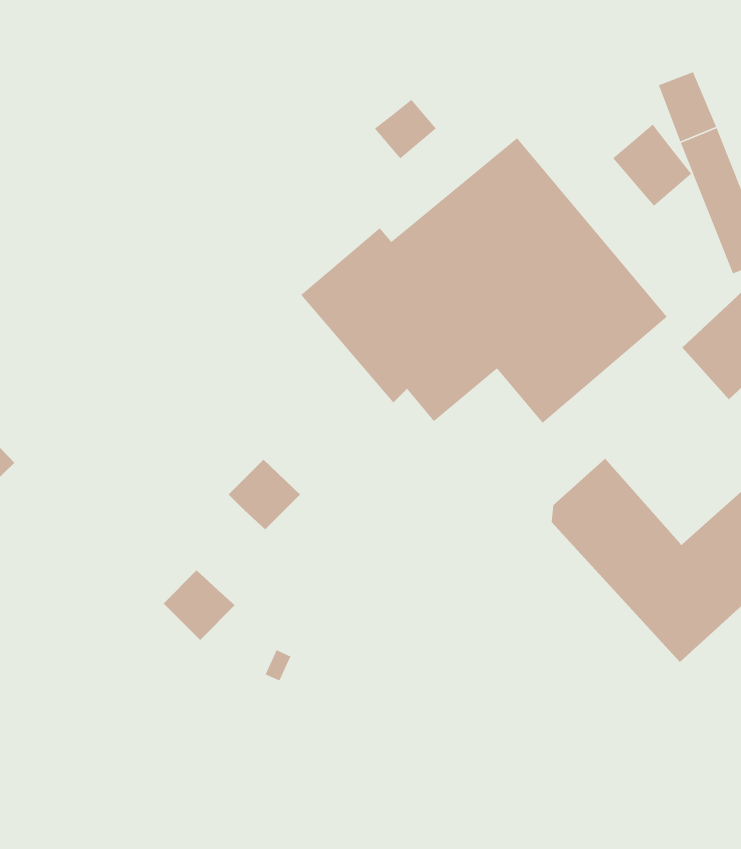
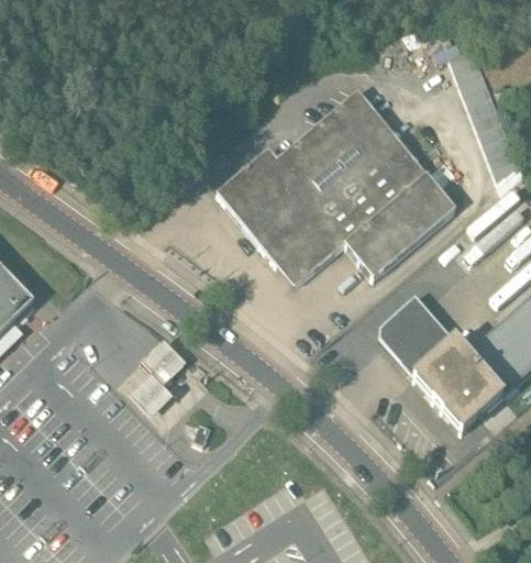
building: [374,99,437,159] -> none
building: [612,124,692,207] -> none
building: [228,459,301,530] -> [141,338,188,384]

